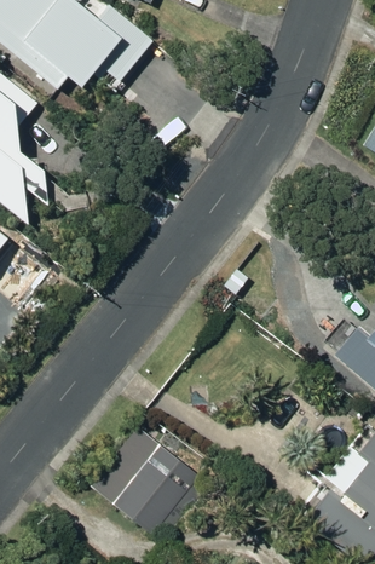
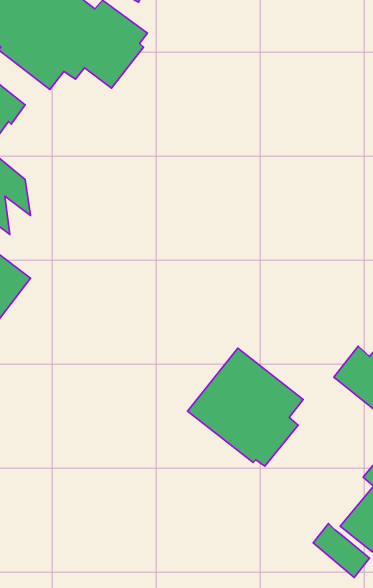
building: [90,427,198,539] -> [188,348,303,466]

